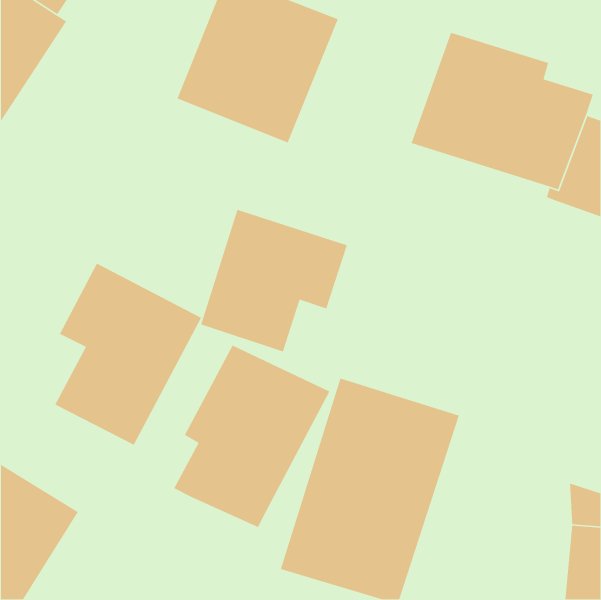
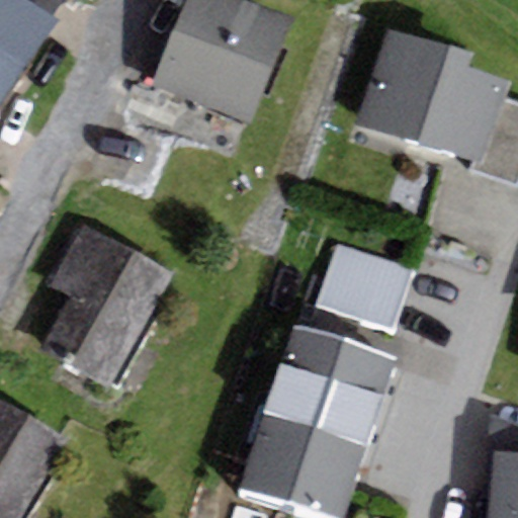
building: [200,209,348,353] -> none
building: none -> [314,247,411,330]
building: [173,344,331,528] -> none

